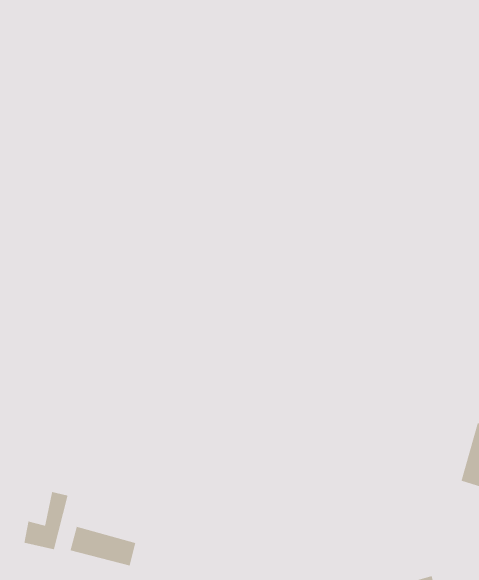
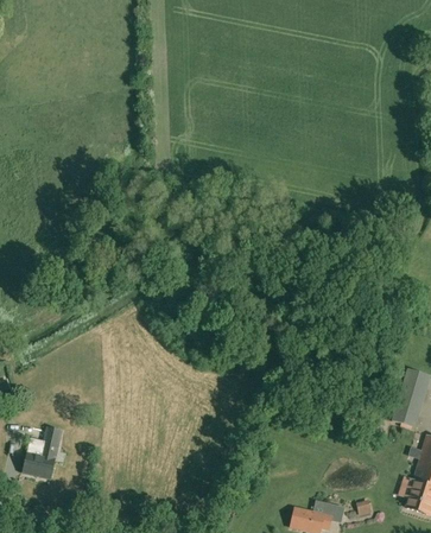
building: [69,526,136,567] -> none

